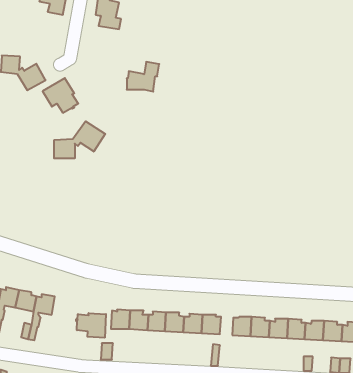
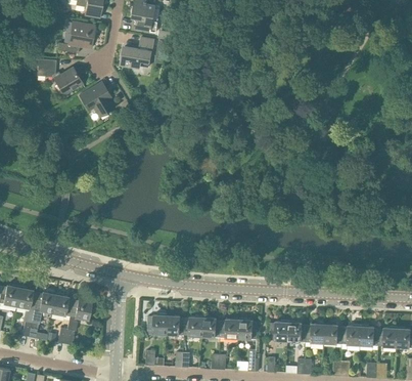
building: none -> [57,22,94,53]
building: [127,62,159,92] -> [122,38,154,68]
building: [54,121,105,158] -> none
building: [76,313,106,338] -> none

